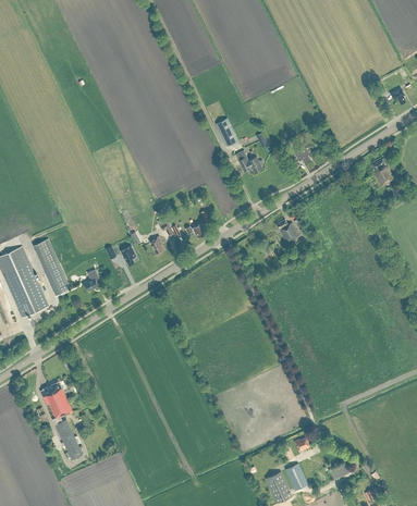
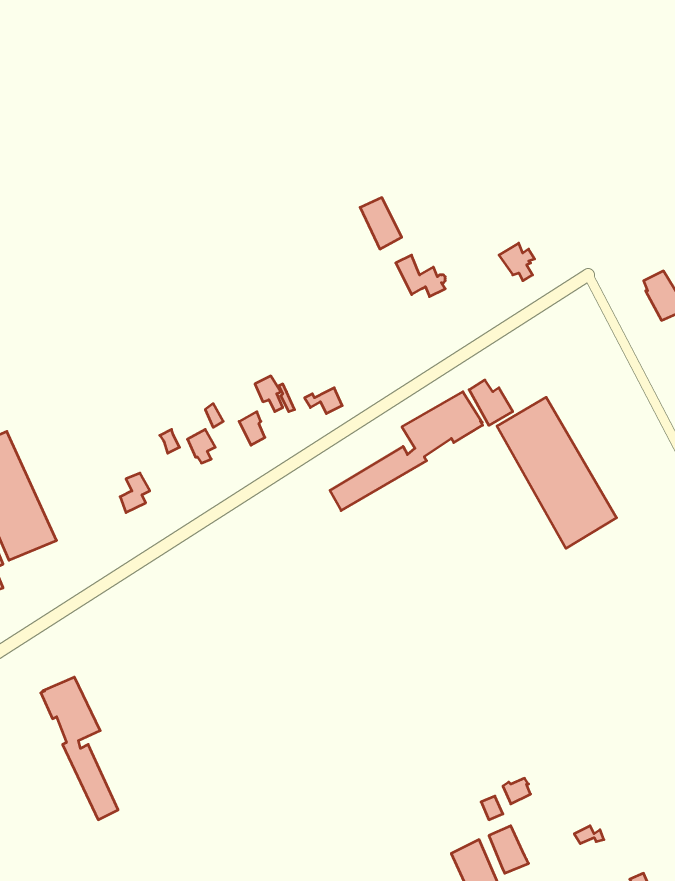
building: none -> [330,392,483,511]
building: none -> [497,397,617,548]
building: [35,236,70,294] -> none

